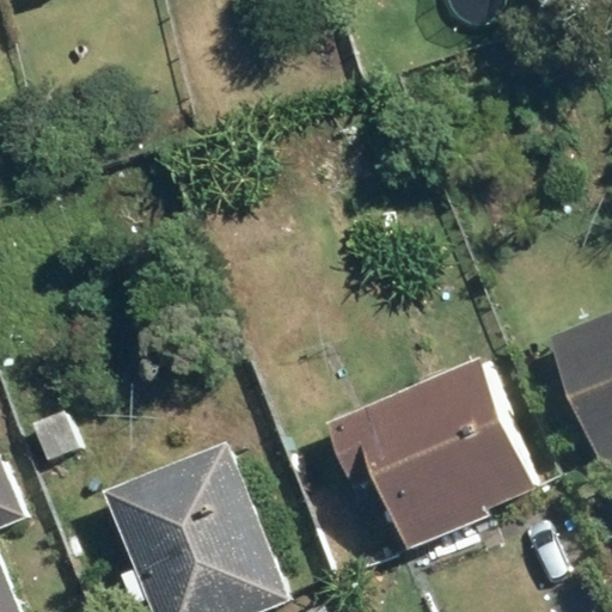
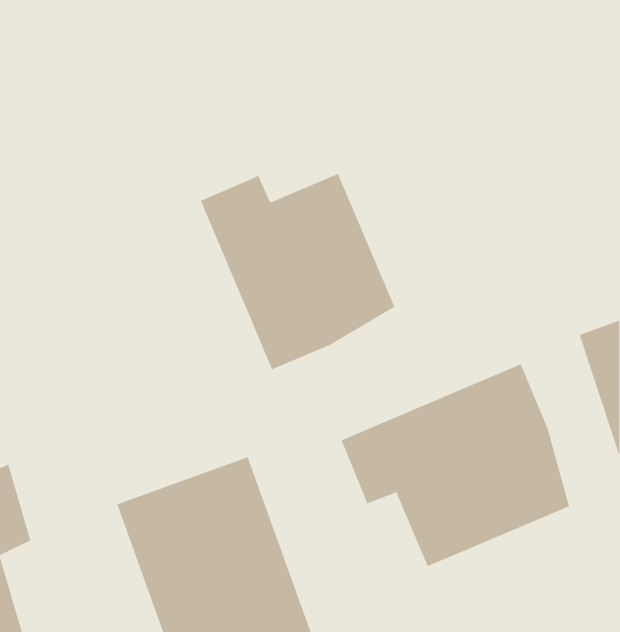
building: none -> [200,173,395,370]

